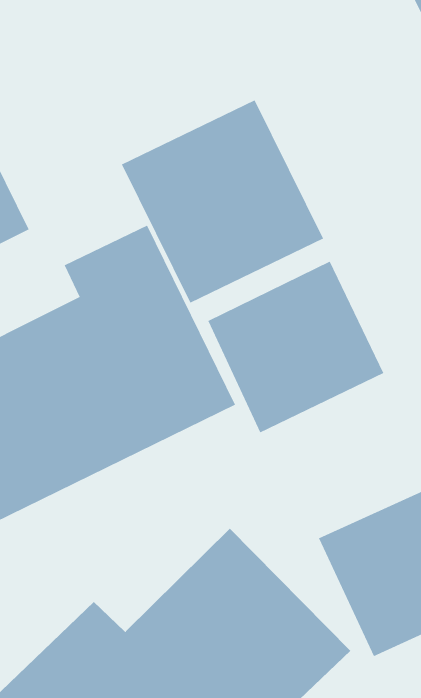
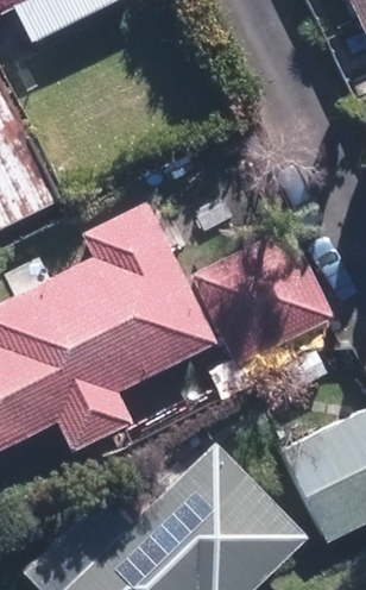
building: [121,99,324,304] -> none

